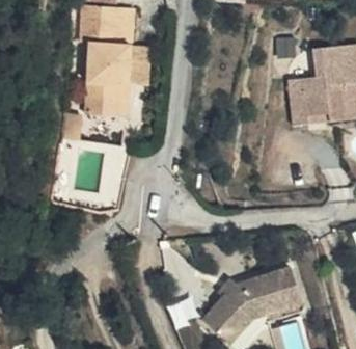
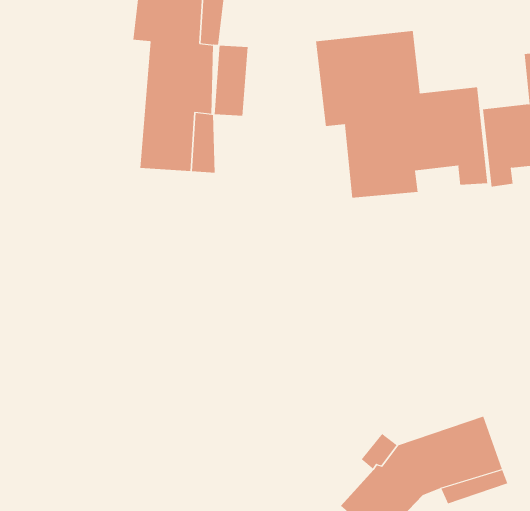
building: none -> [315,30,488,198]

